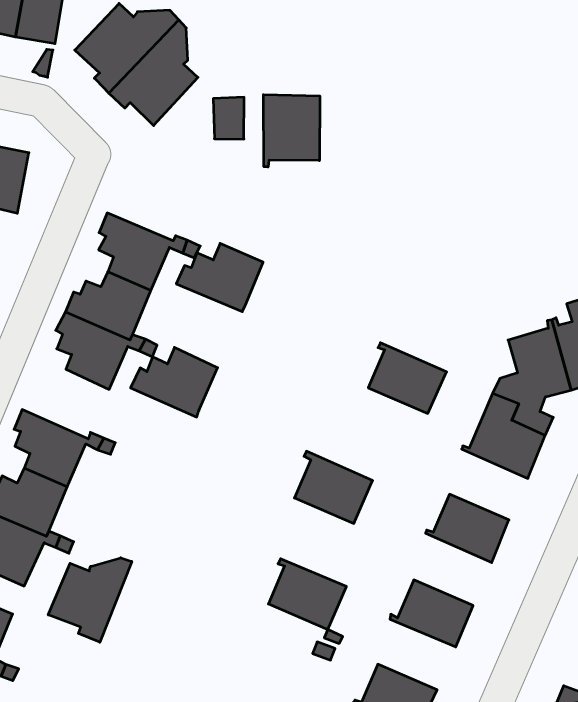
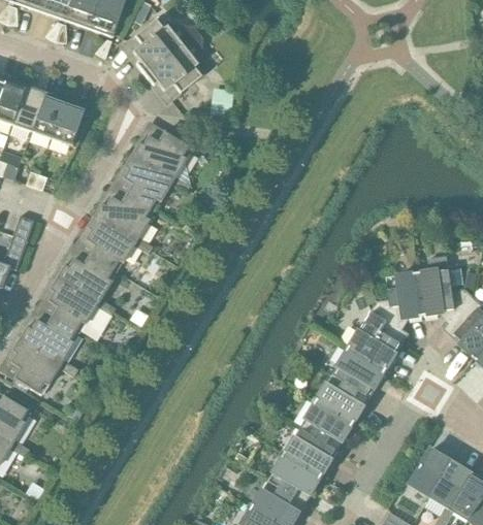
building: [263,95,320,167] -> none
building: [176,243,263,312] -> [131,131,191,178]
building: [368,343,447,413] -> [332,344,386,396]
building: [131,347,218,417] -> [56,254,116,302]
building: [294,451,373,523] -> [300,397,354,450]
building: [48,558,132,642] -> none
building: [268,559,346,629] -> [268,451,322,502]

